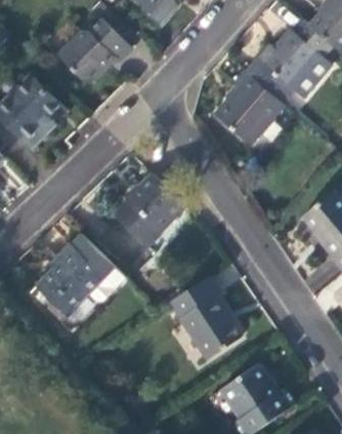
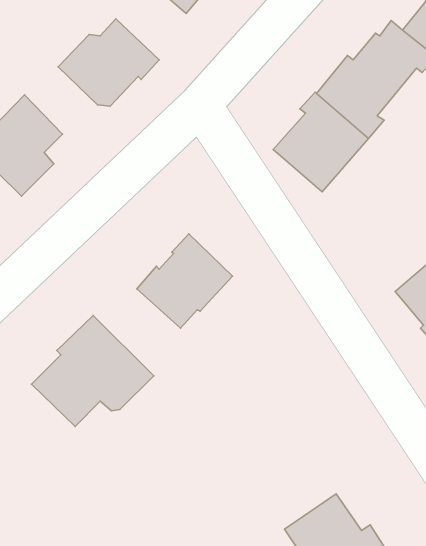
building: [170,277,241,360] -> none

